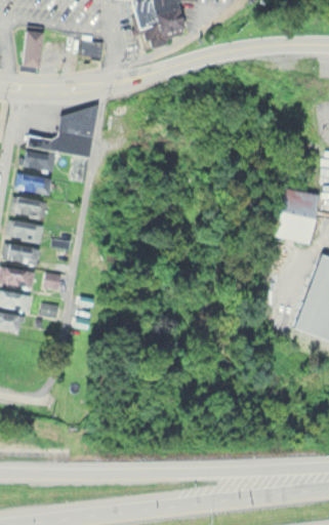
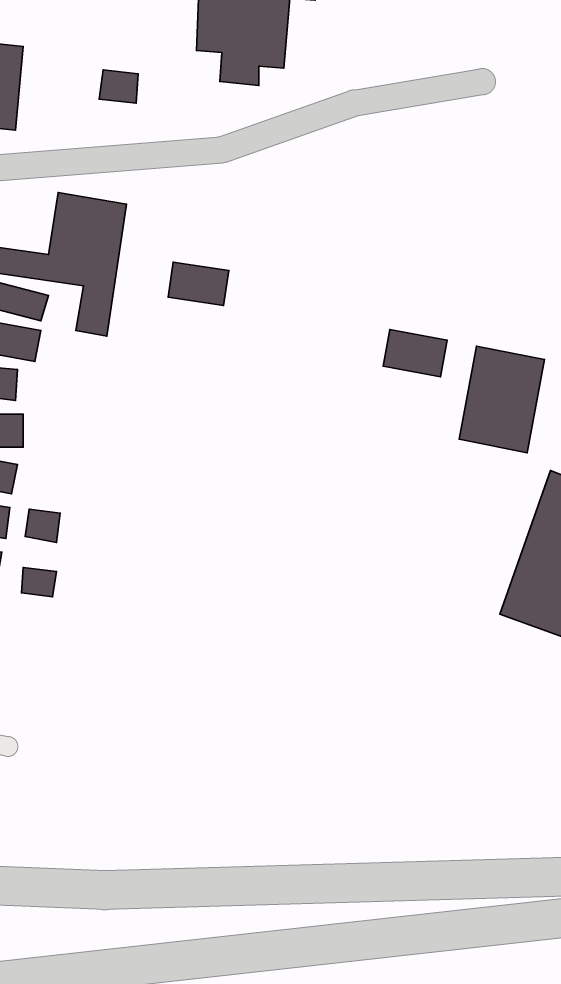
building: none -> [168,262,229,306]
building: none -> [383,329,447,377]

